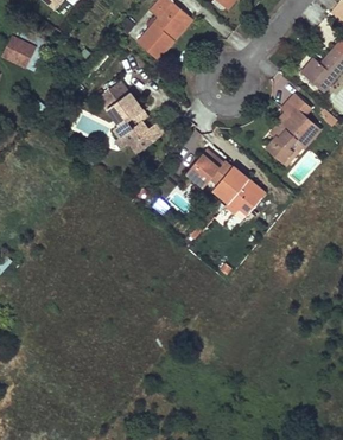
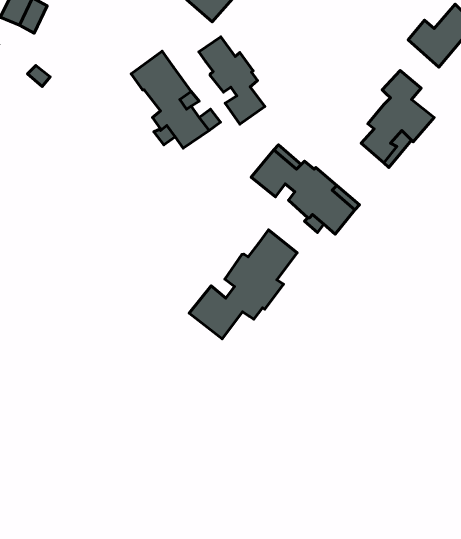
building: none -> [199,37,265,124]
building: none -> [189,230,297,339]

